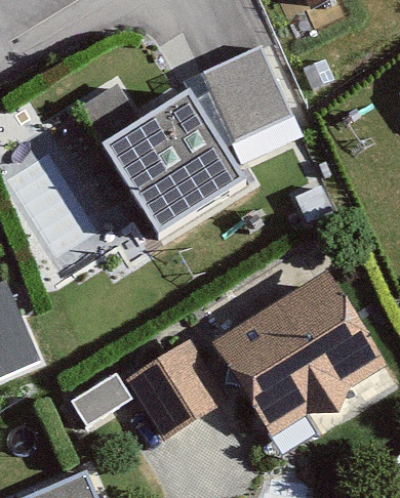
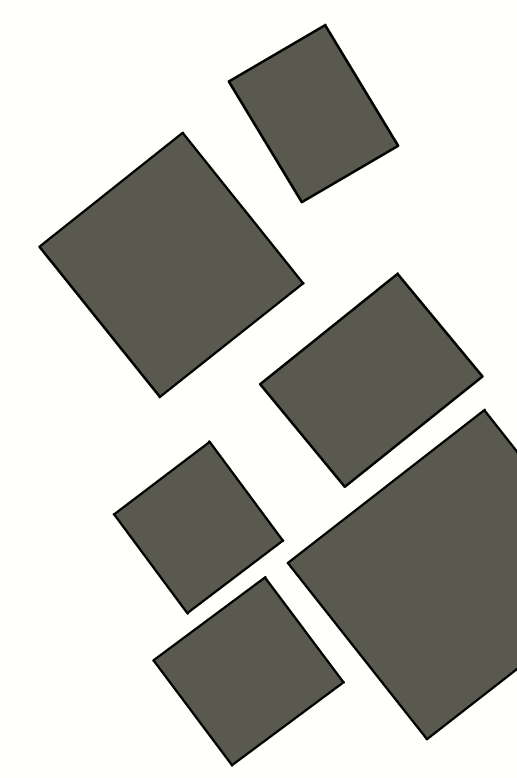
building: none -> [260,274,482,487]
building: none -> [114,442,283,613]

